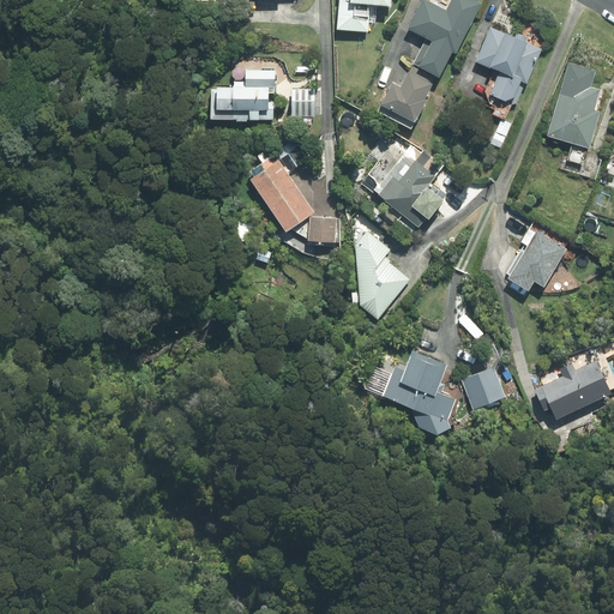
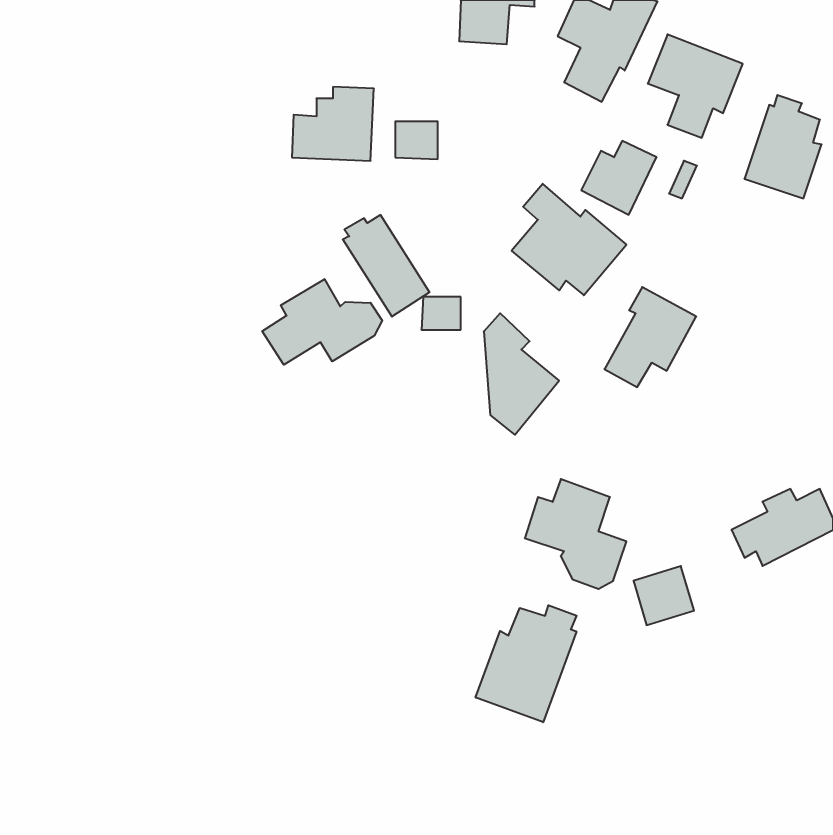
building: [380,72,435,126] -> [581,141,657,215]
building: none -> [262,279,382,365]
building: [500,225,567,299] -> [604,287,696,387]
building: [460,365,505,408] -> [633,566,694,625]
building: none -> [476,605,577,722]

